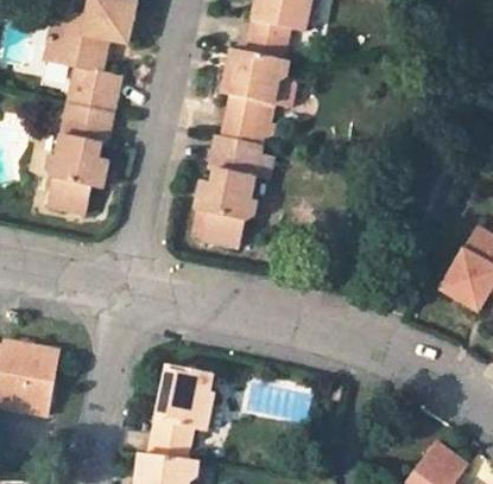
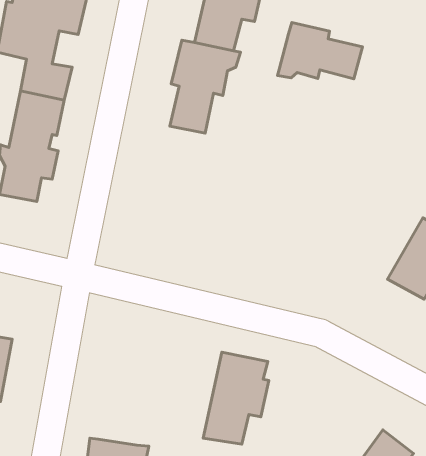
building: none -> [277,22,363,79]
building: [196,135,264,248] -> none
building: [147,365,214,458] -> [203,352,269,444]

